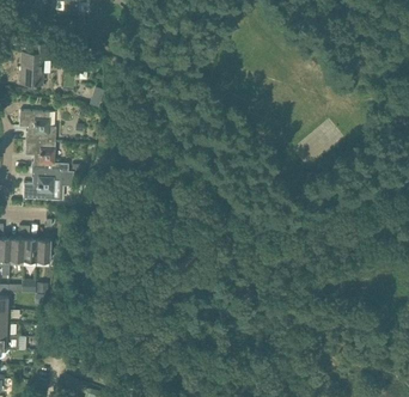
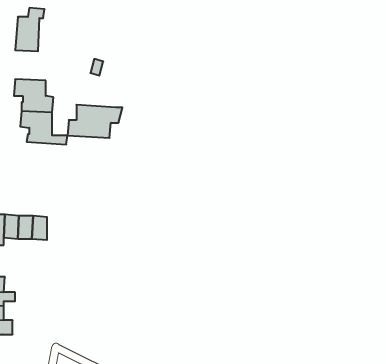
building: [23,169,74,200] -> [67,105,122,138]

